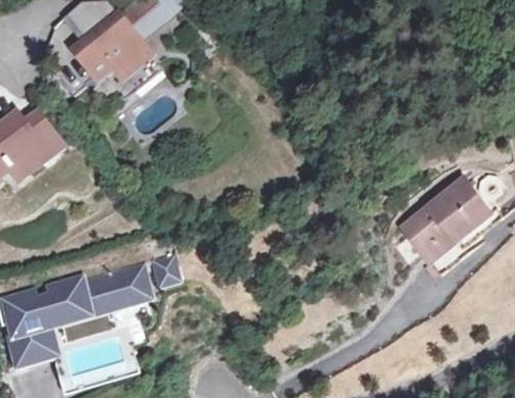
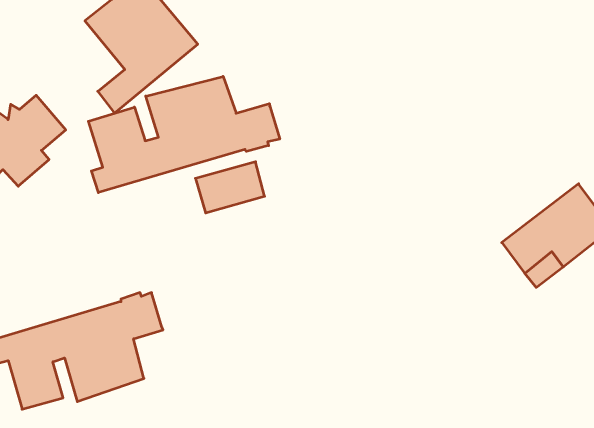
building: none -> [88,76,280,193]
building: [123,252,178,293] -> [195,162,265,213]

